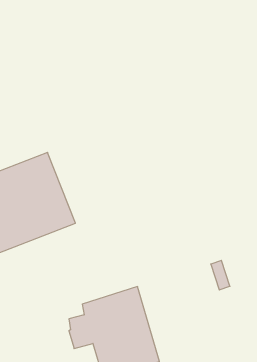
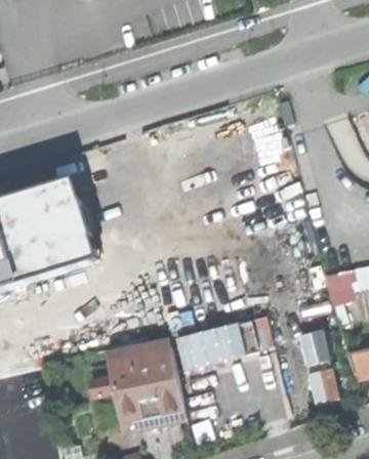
building: none -> [176,320,259,369]

